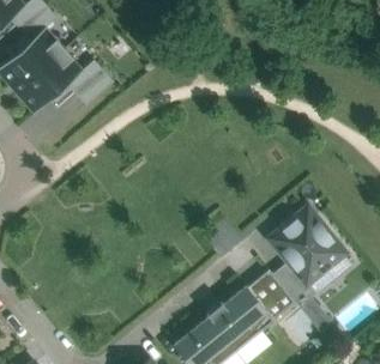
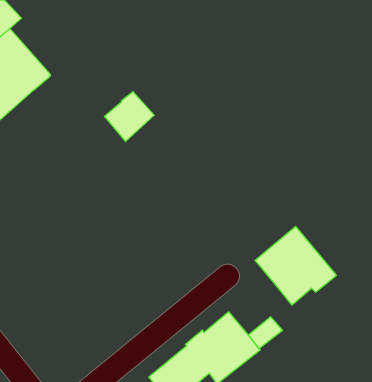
building: [67,61,113,107] -> [104,92,154,142]
building: [272,261,316,308] -> none

